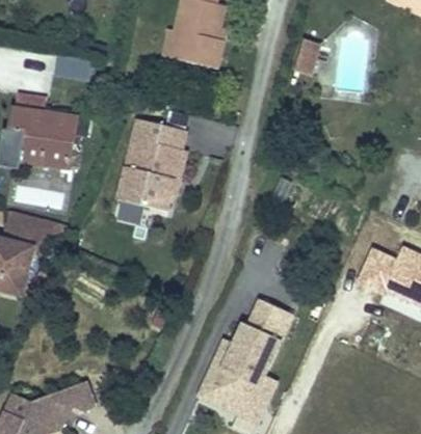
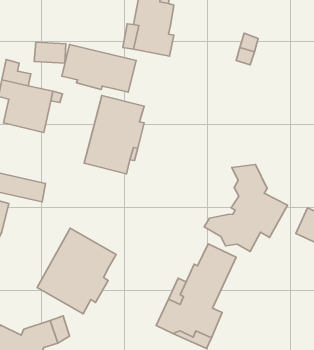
building: none -> [62,44,136,92]
building: none -> [204,164,288,251]
building: none -> [37,228,116,314]

